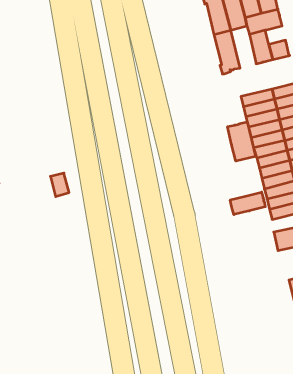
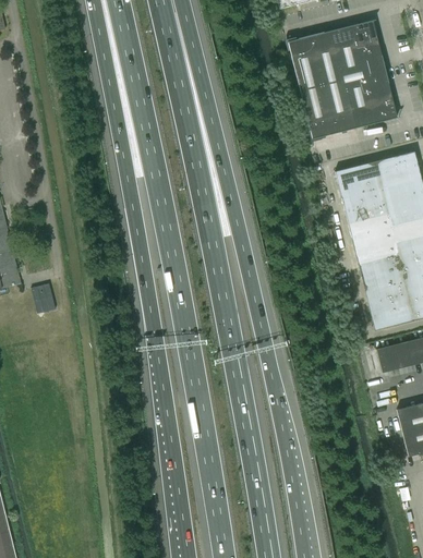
building: none -> [321,80,353,134]
building: none -> [365,80,391,104]
building: [228,122,256,161] -> none
building: [50,173,69,197] -> [31,283,55,314]
building: [230,192,265,215] -> none

